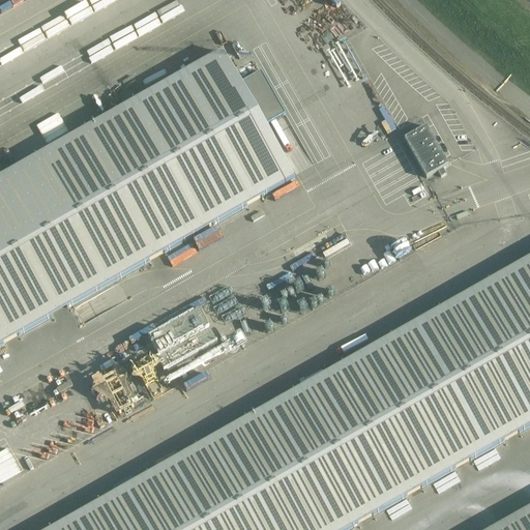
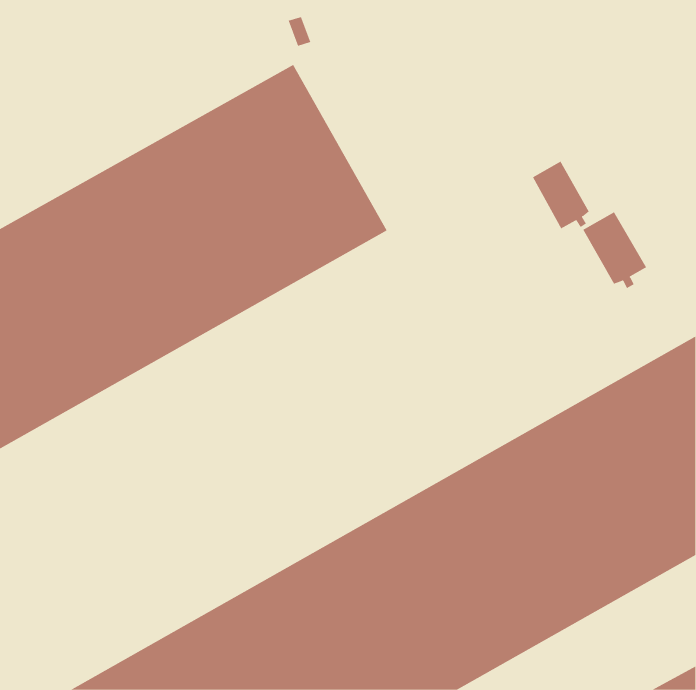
building: none -> [582,212,647,289]

